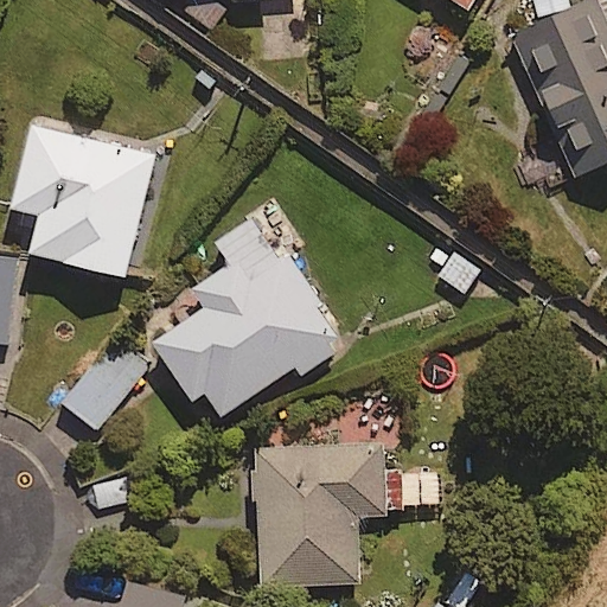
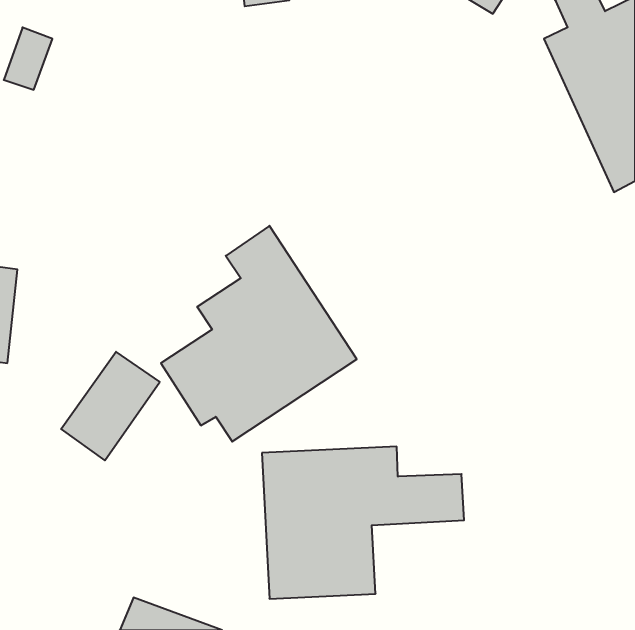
building: [12,124,156,285] -> none

